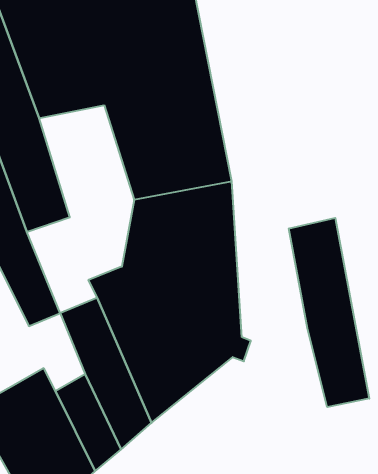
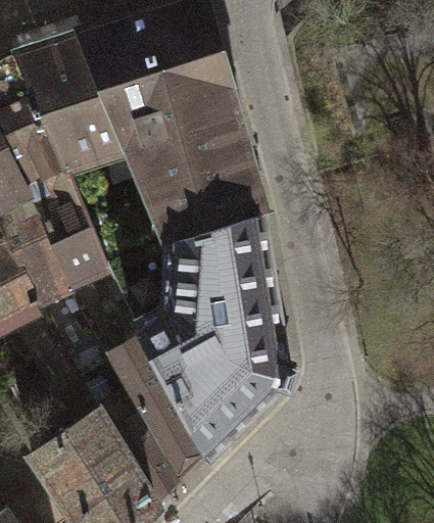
building: [289,218,369,407] -> none

